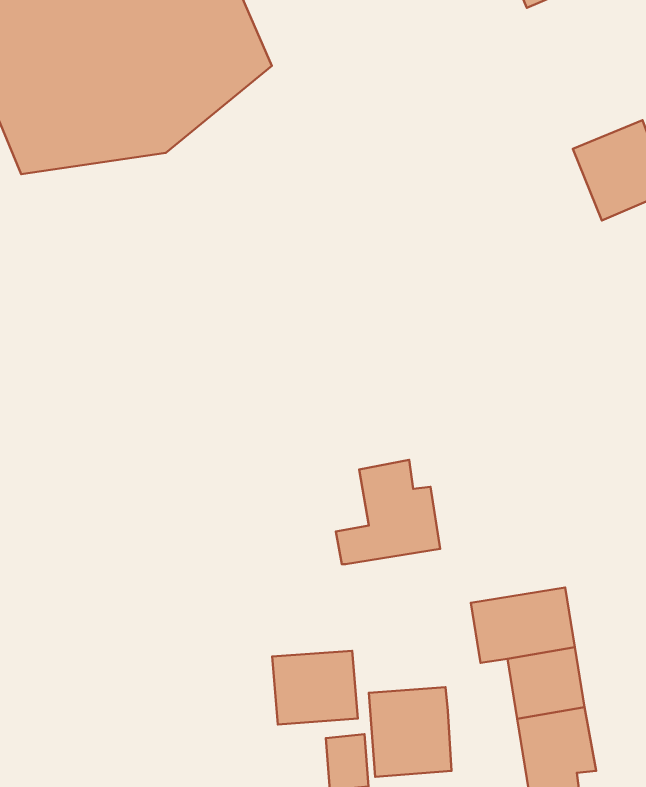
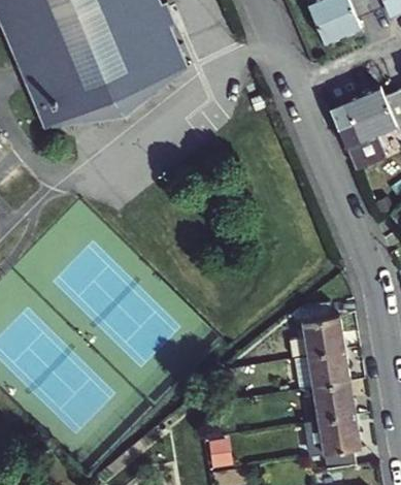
building: [336,460,440,564] -> [285,302,340,358]
building: [272,651,358,725] -> none
building: [369,687,452,777] -> none

